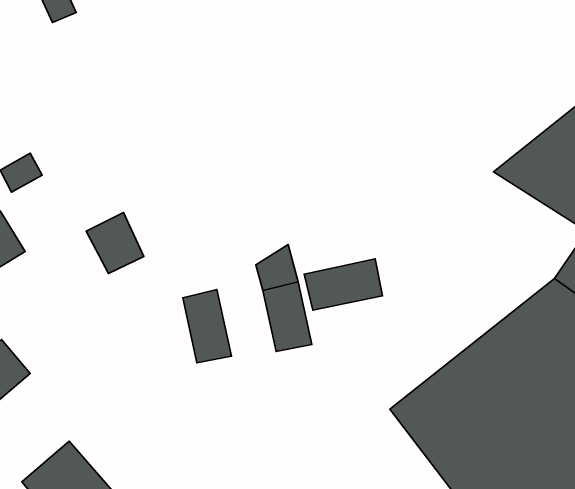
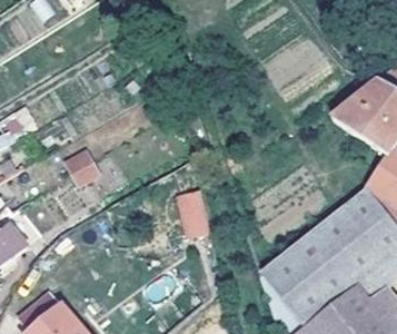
building: [304,259,382,310] -> none
building: [183,289,231,363] -> none

